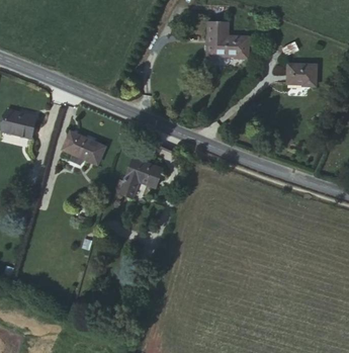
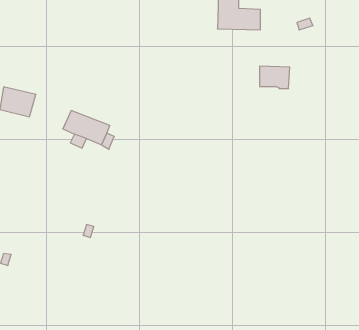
building: [287,64,316,85] -> [260,66,290,89]
building: [118,156,163,197] -> none

